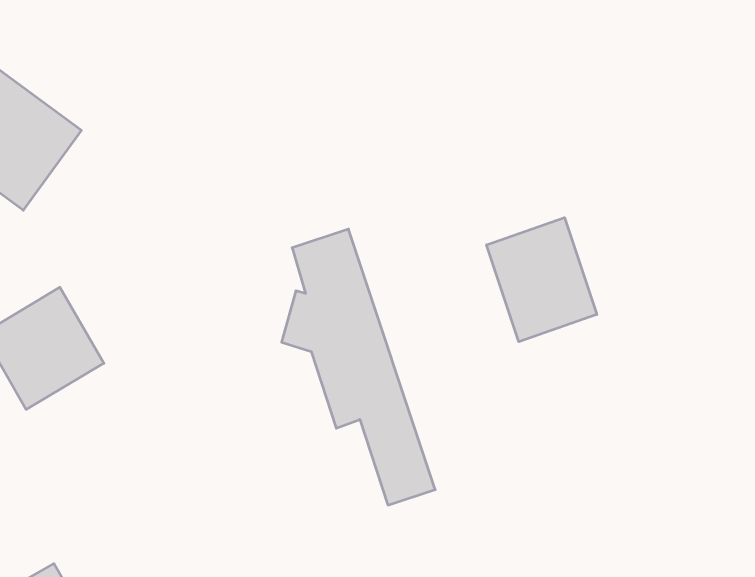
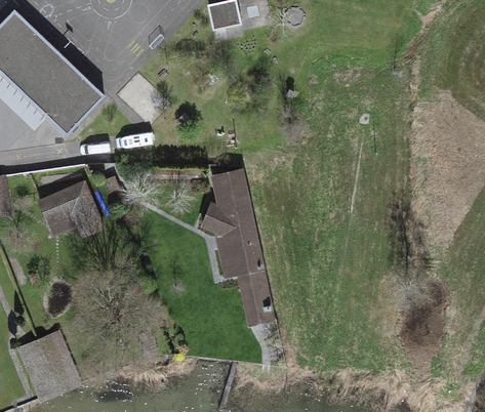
building: [487,218,597,342] -> none

